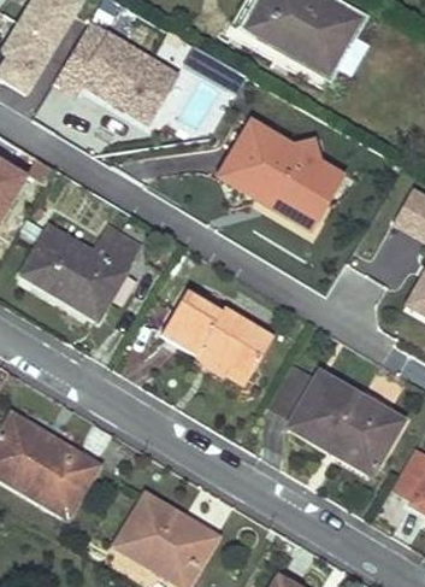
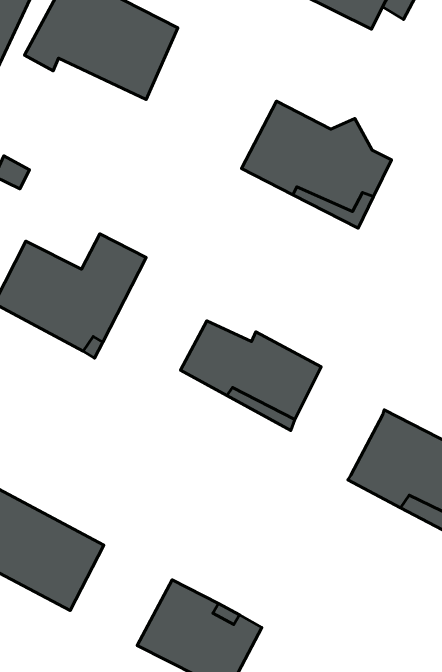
building: [266,360,319,422] -> none

